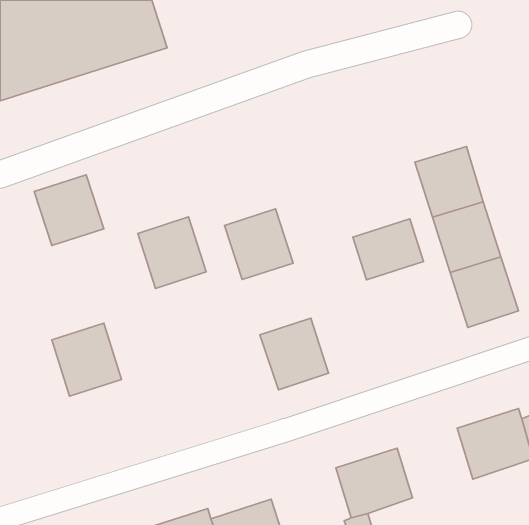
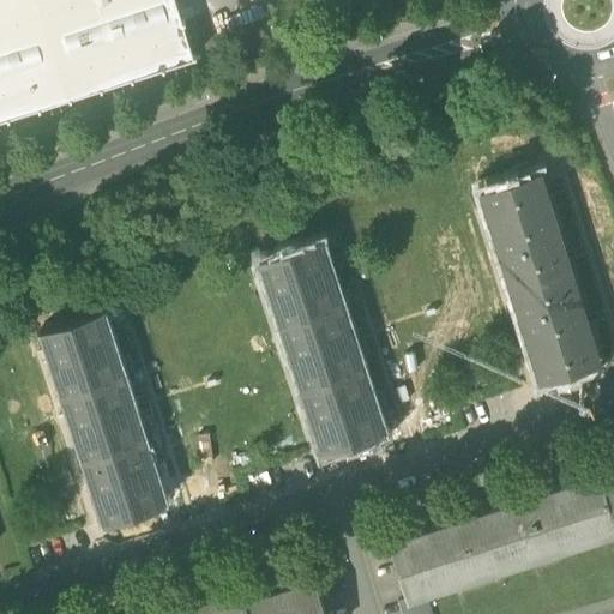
building: [34,175,104,246] -> [42,318,122,399]
building: [138,217,206,289] -> [282,311,361,393]
building: [353,219,423,280] -> none
building: none -> [83,445,163,528]
building: none -> [460,501,548,582]

